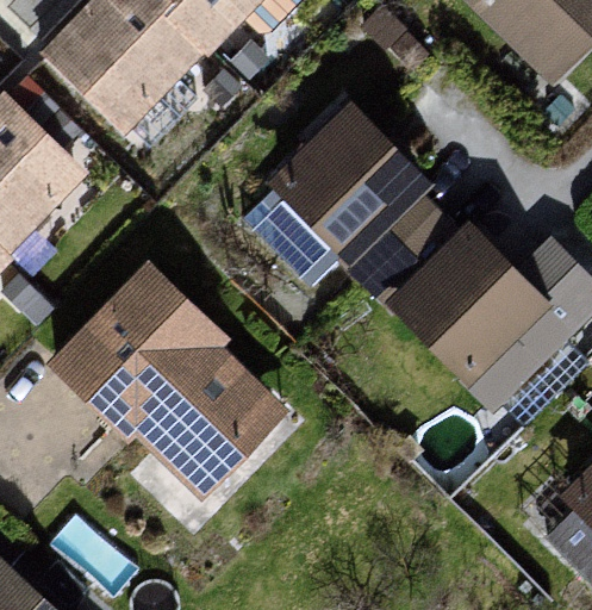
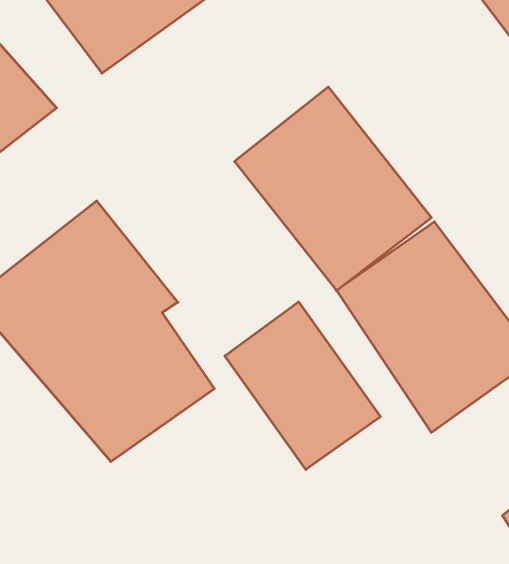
building: none -> [225,302,380,470]

